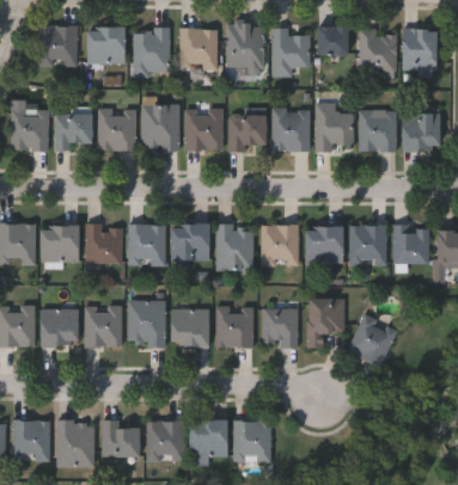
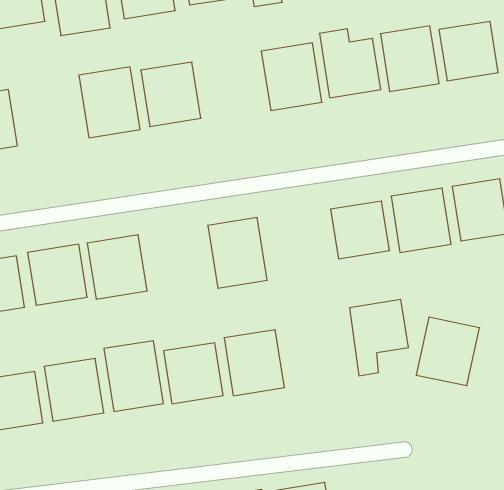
building: [98,109,135,151] -> none
building: [231,115,265,149] -> none
building: [172,226,209,260] -> none
building: [261,226,298,265] -> none
building: [262,309,298,348] -> none

